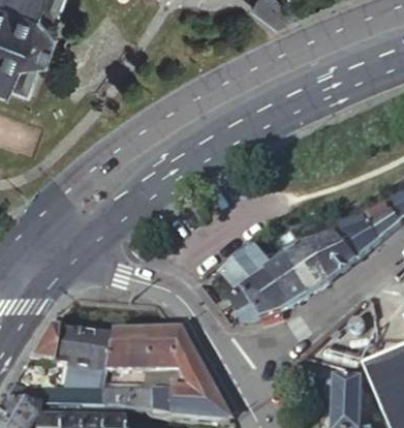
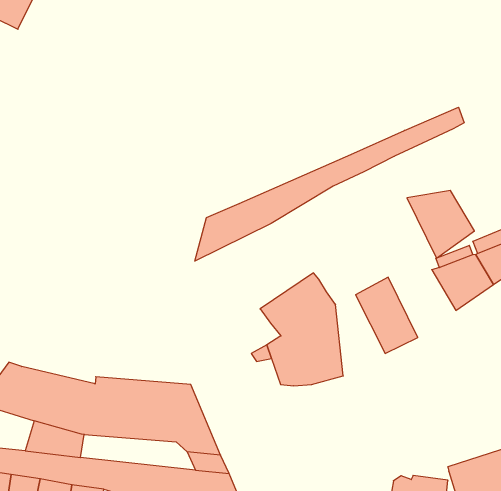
building: none -> [195,107,464,261]
building: [308,230,358,278] -> [407,190,474,258]
building: [273,252,311,310] -> none

